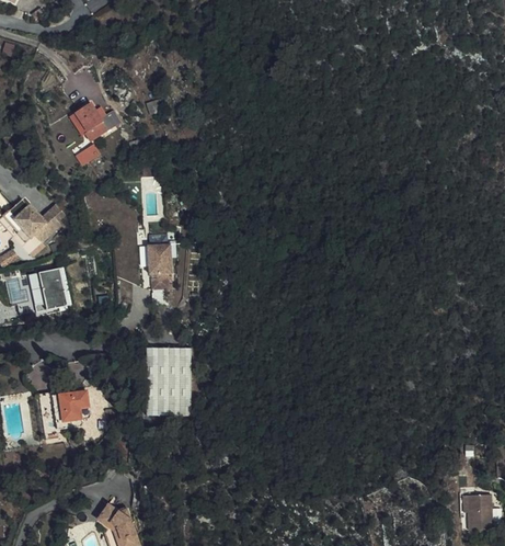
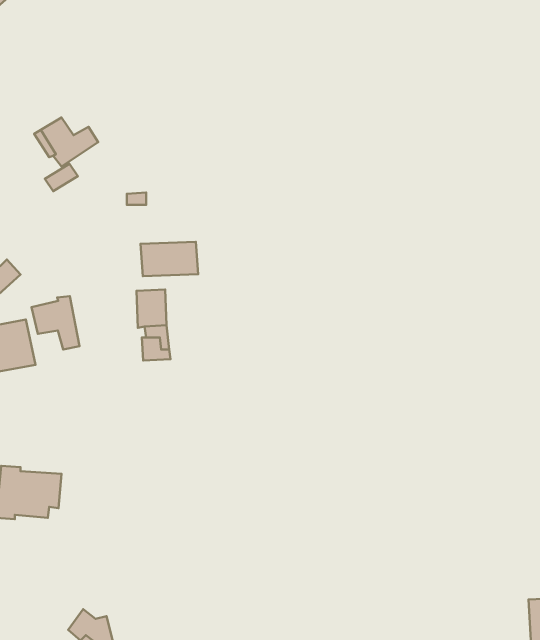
building: none -> [140,242,198,276]
building: none -> [32,296,80,350]
building: [147,355,184,414] -> none

